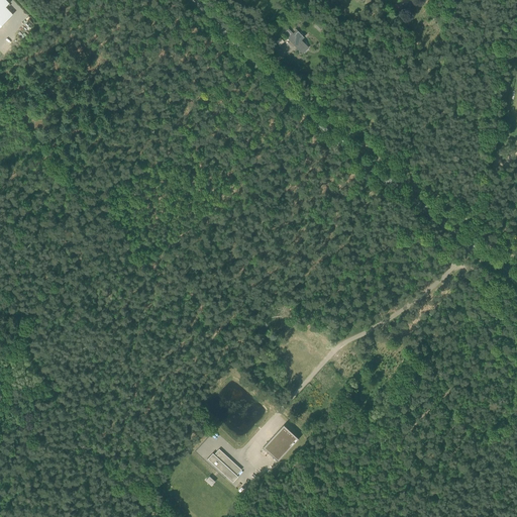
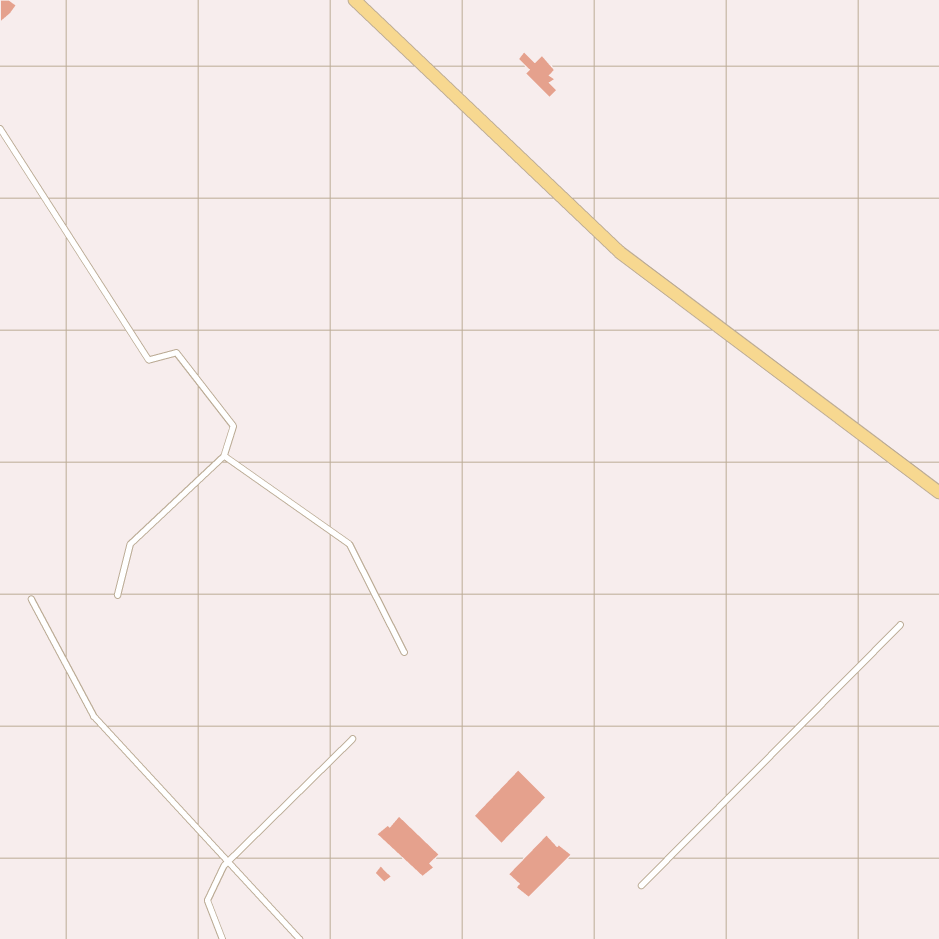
building: none -> [509,835,571,898]

